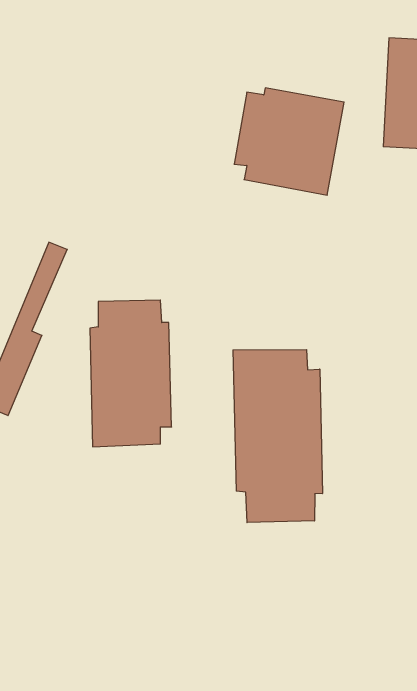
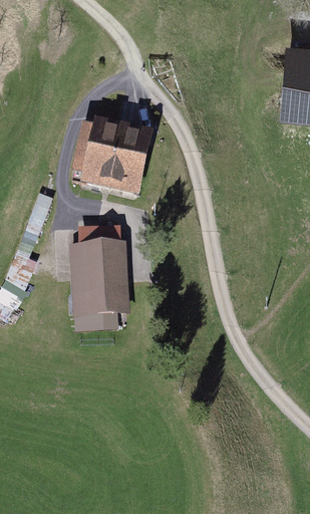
building: [234,88,344,195] -> [71,124,149,201]
building: [233,350,322,523] -> none

